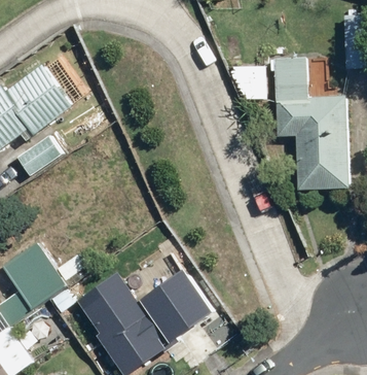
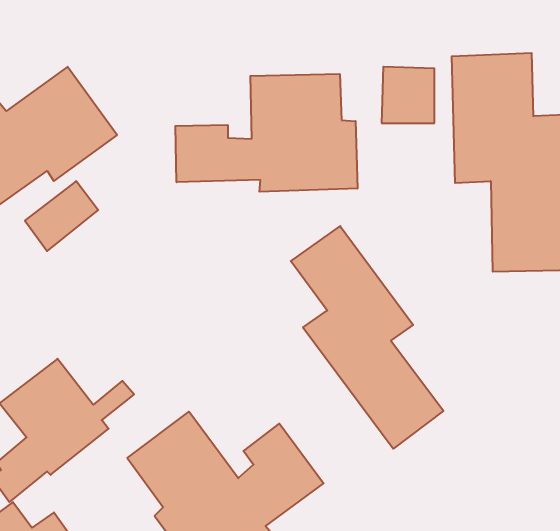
building: none -> [175,74,357,192]
building: none -> [291,226,443,449]

